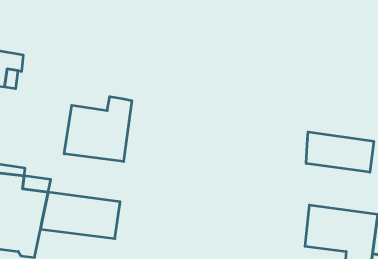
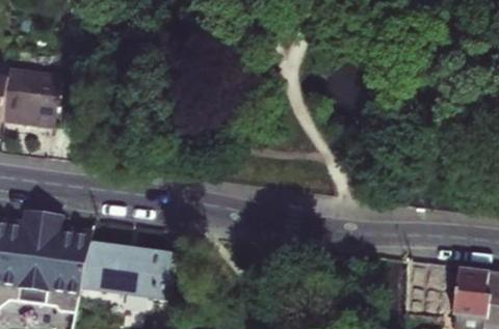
building: [64,97,132,162] -> none
building: [306,132,374,172] -> none

